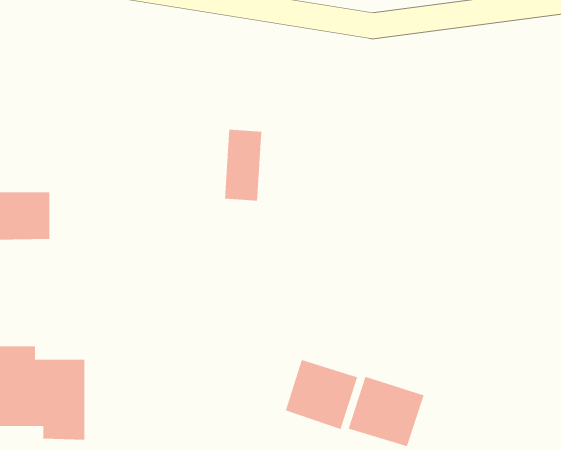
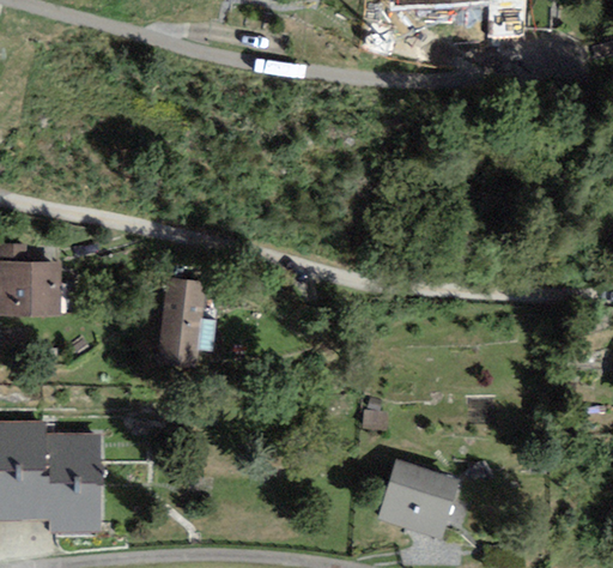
building: [224,129,262,201] -> [162,280,202,357]
building: [285,359,358,430] -> none

